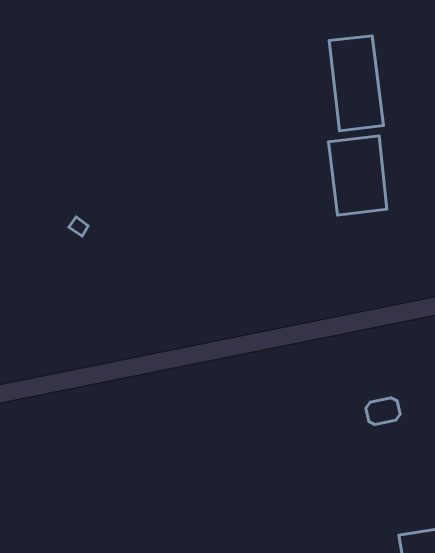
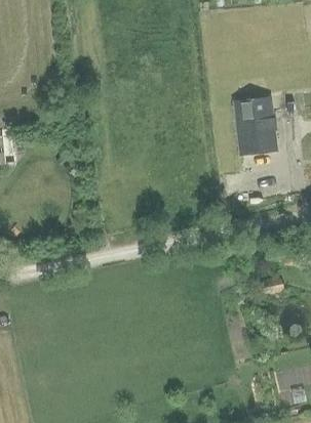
building: [329,36,384,131] -> none

